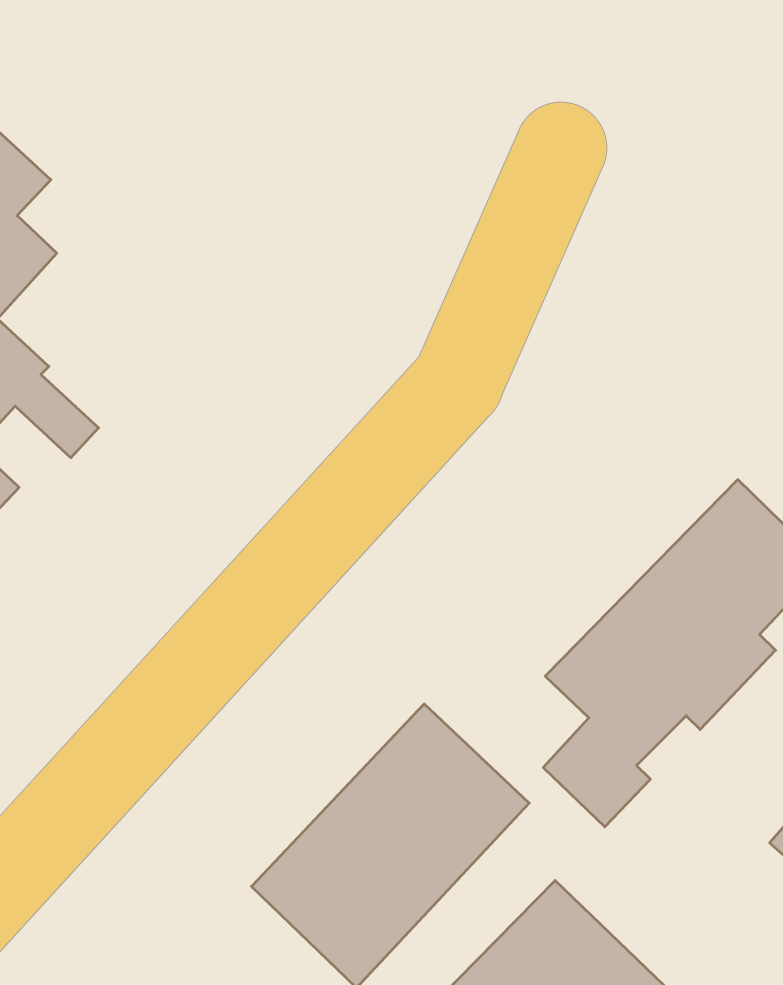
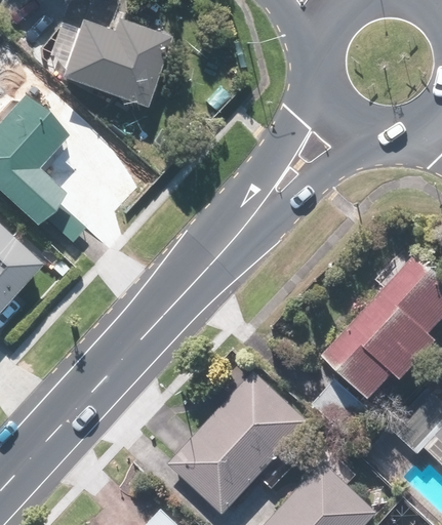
building: none -> [57,12,165,108]

